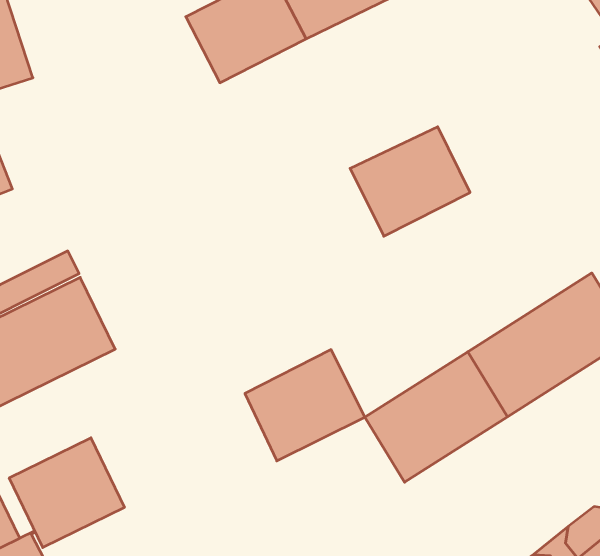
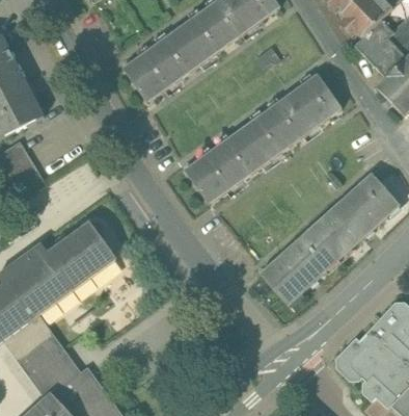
building: none -> [273,73,342,138]
building: [245,350,365,461] -> [185,136,253,203]
building: [9,438,124,548] -> none

